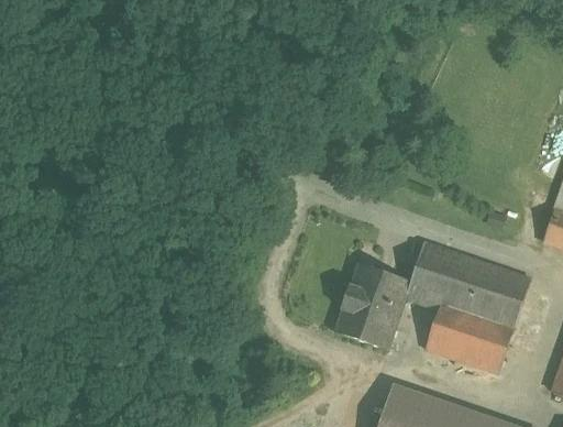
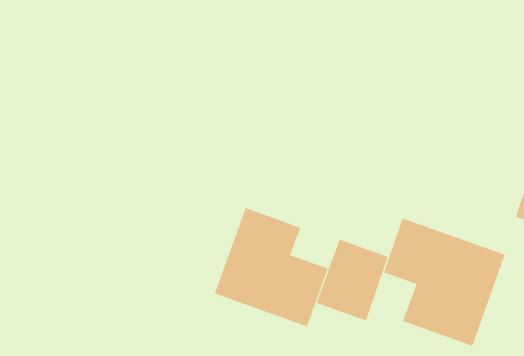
building: none -> [214,207,328,327]

